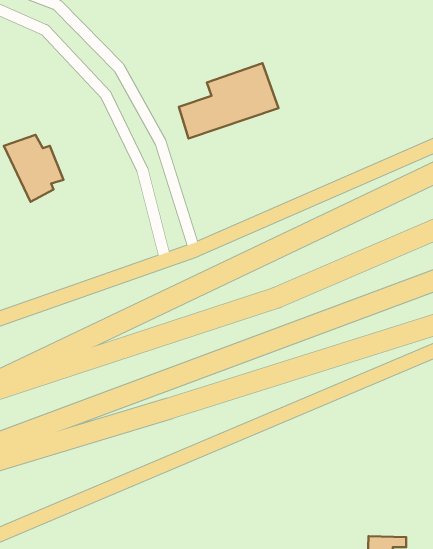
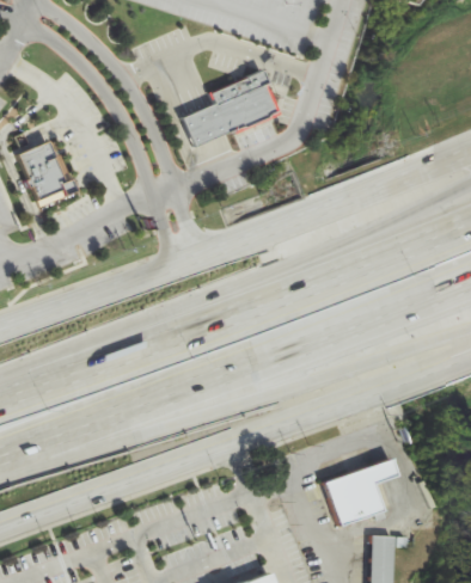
building: none -> [319,453,397,522]

